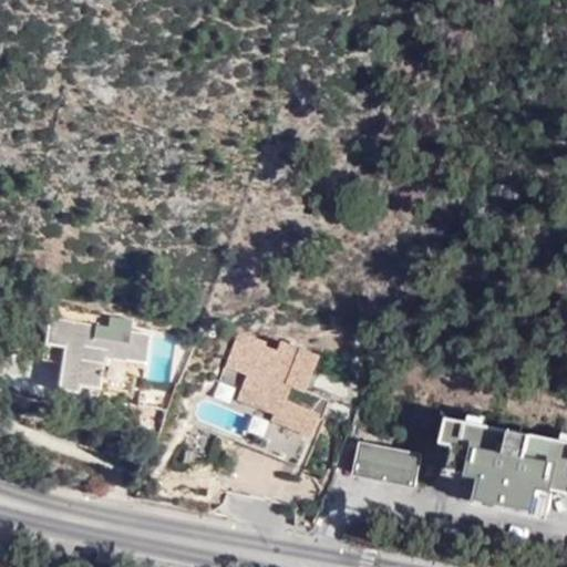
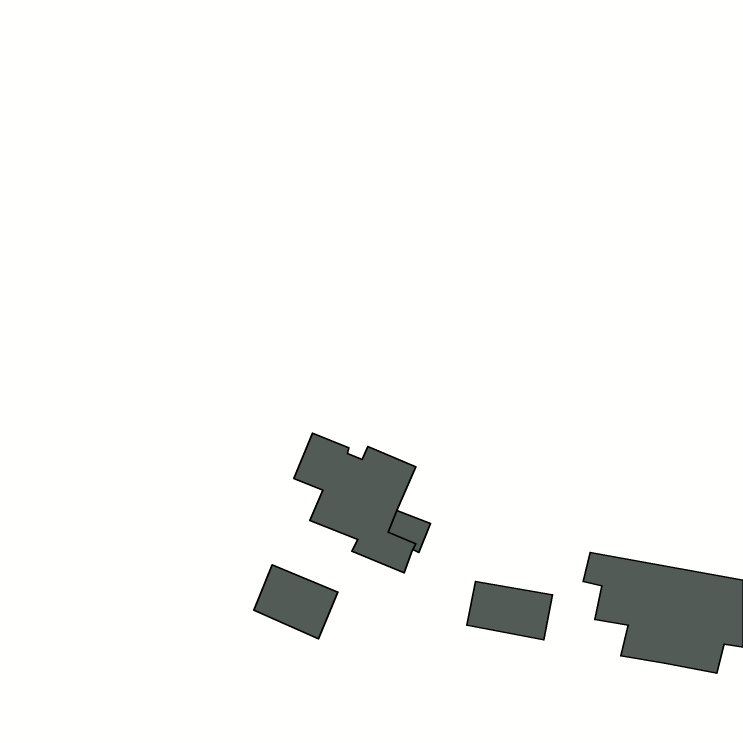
building: [41,316,146,394] -> none
building: none -> [254,565,338,639]

